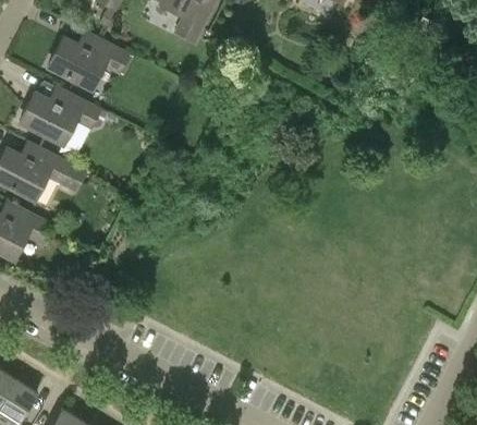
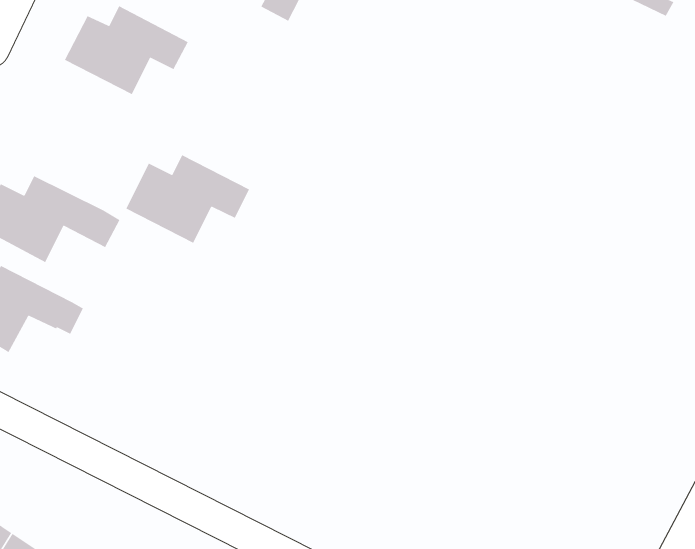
building: [19,86,100,145] -> [125,154,250,244]

